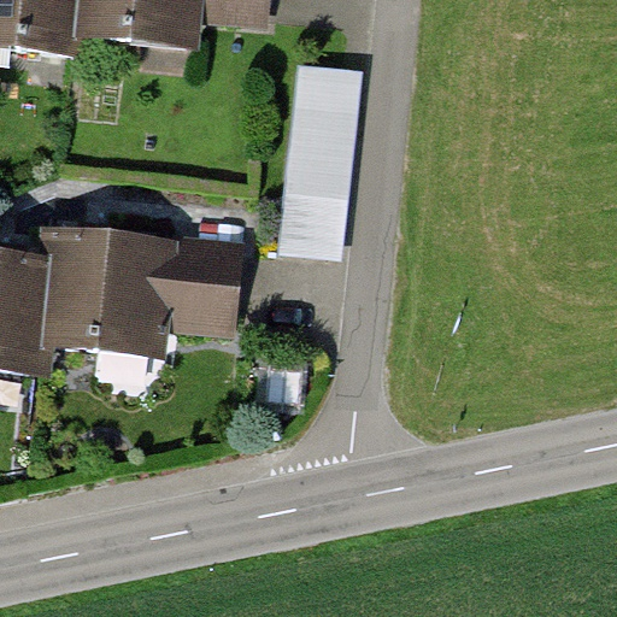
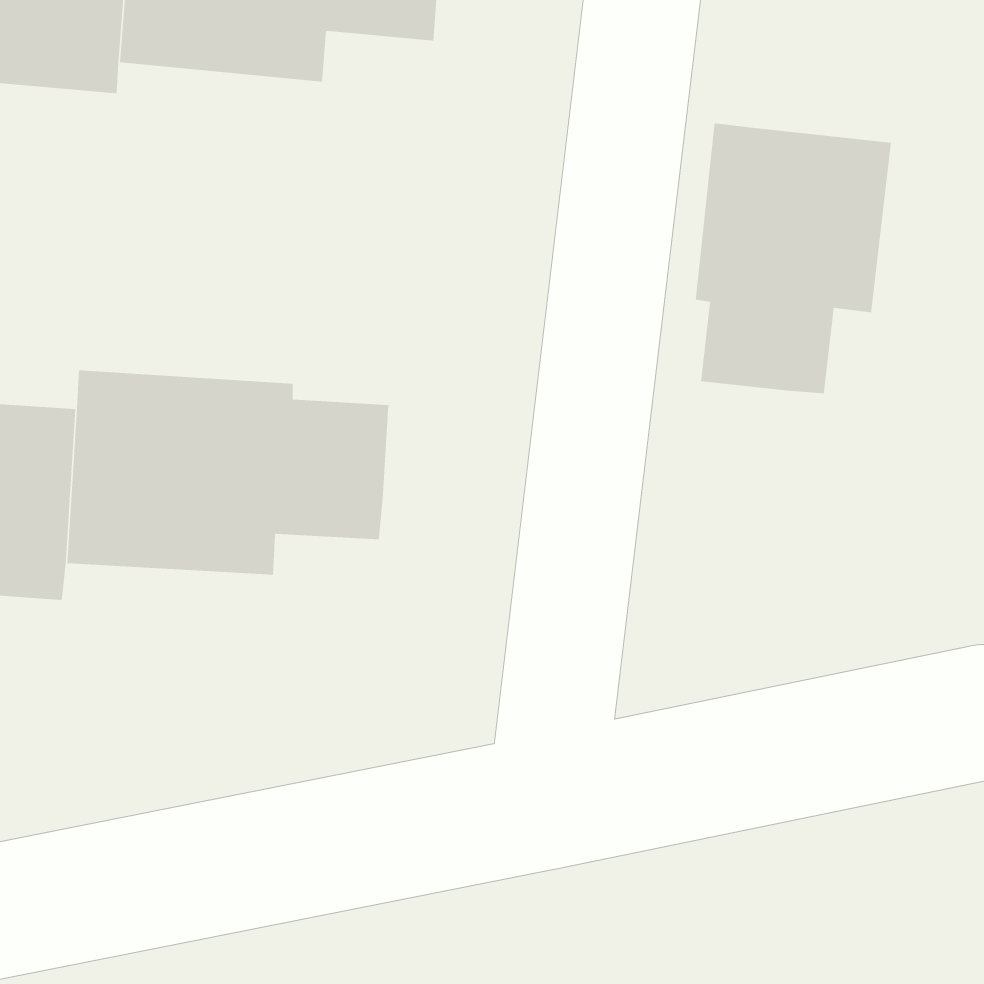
building: [275,59,364,262] -> none
building: none -> [695,123,891,394]

